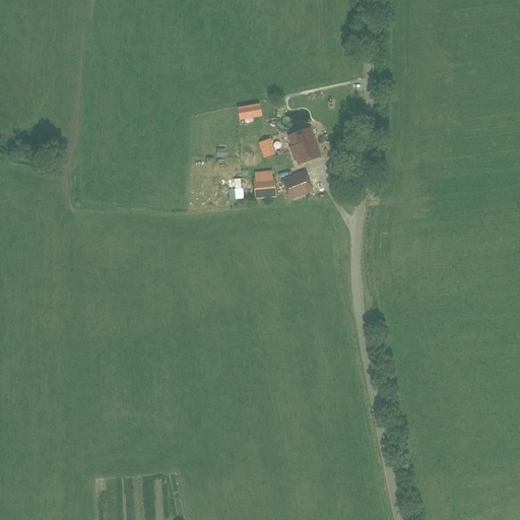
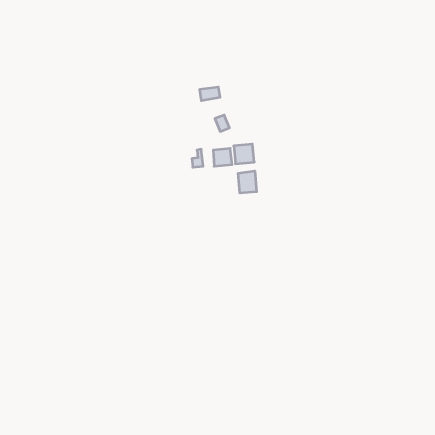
building: [289,128,321,164] -> none
building: none -> [238,171,257,193]

